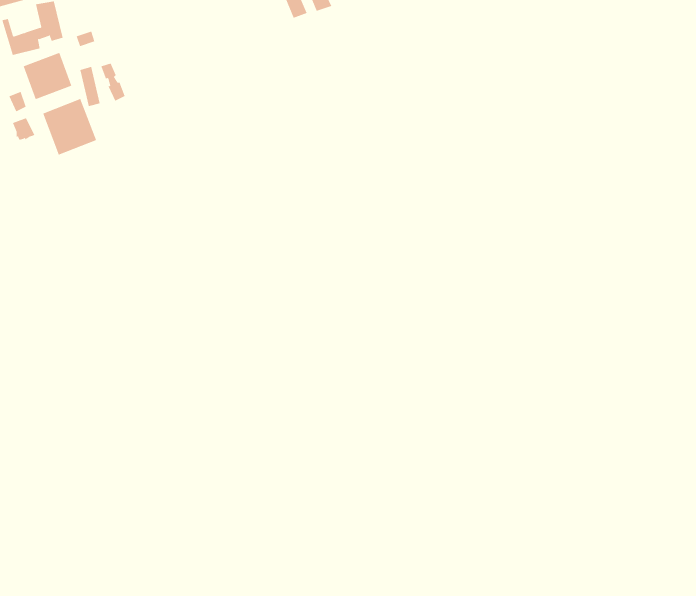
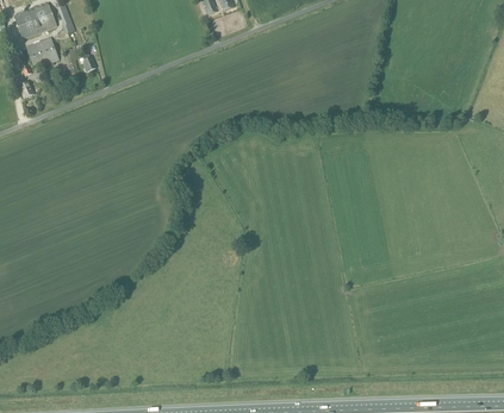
building: [42,98,97,156] -> none

